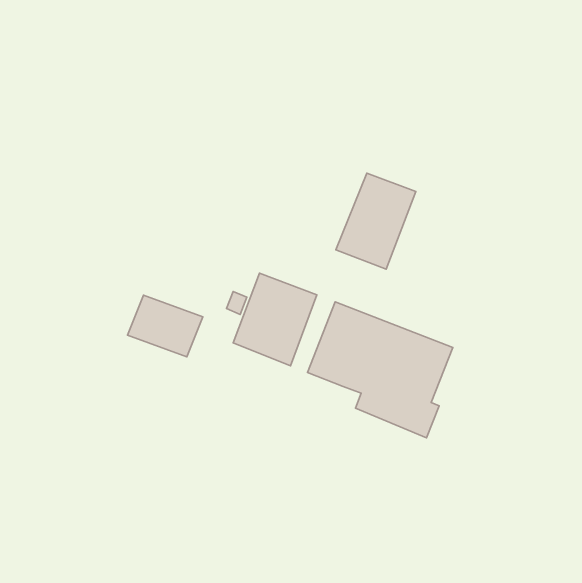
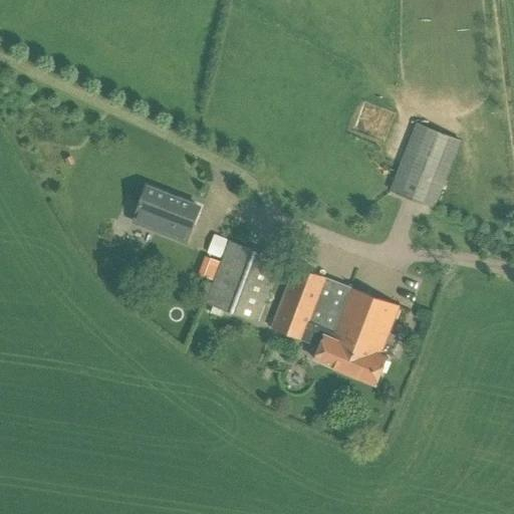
building: [336,173,416,269] -> [389,122,459,207]
building: [127,295,203,357] -> [132,187,198,241]

